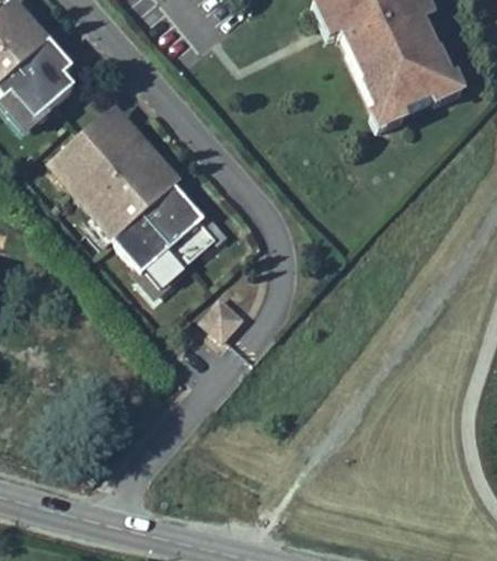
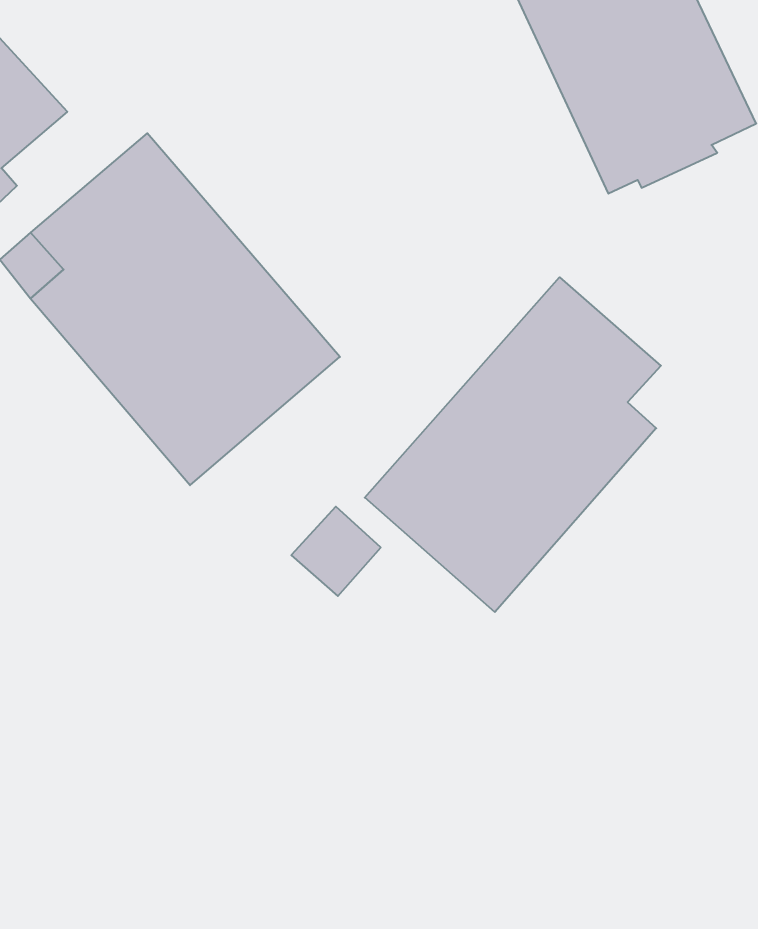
building: none -> [365,277,661,612]

